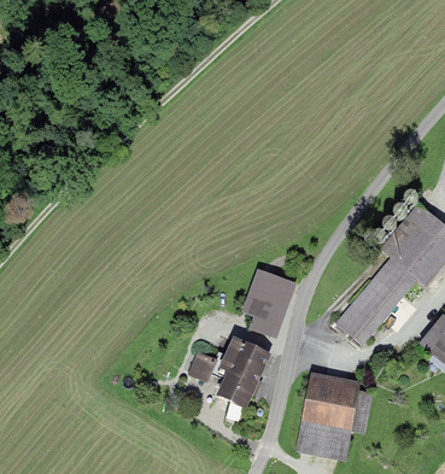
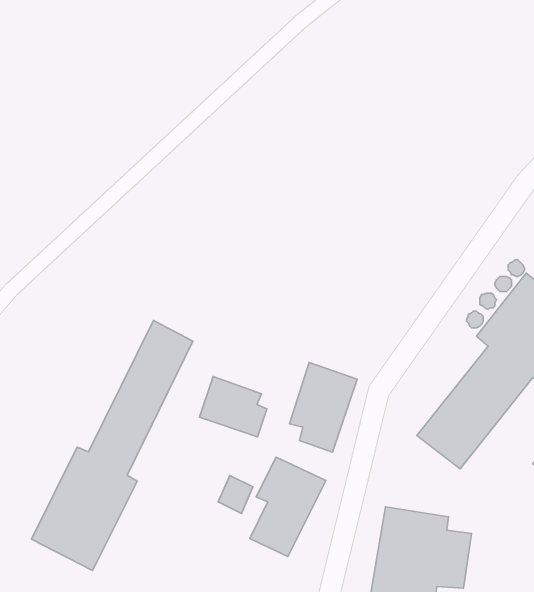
building: none -> [31,321,193,570]
building: none -> [200,377,267,437]

